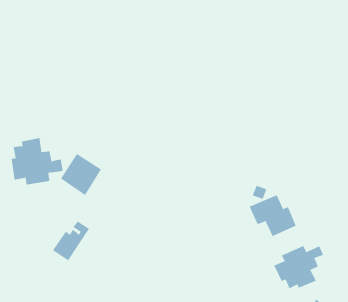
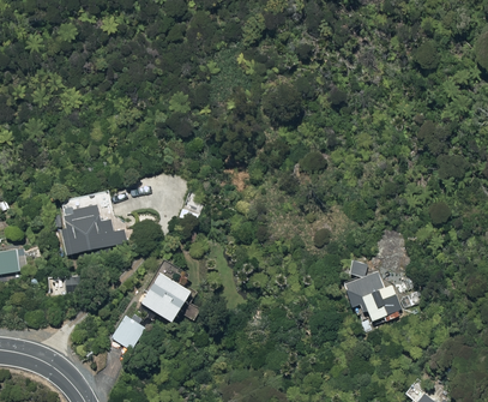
building: [60,153,102,196] -> [144,269,193,319]
building: [274,245,324,289] -> none

